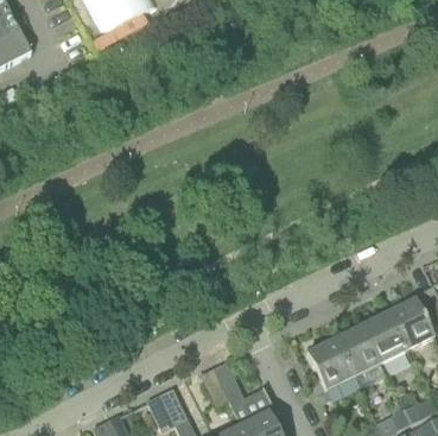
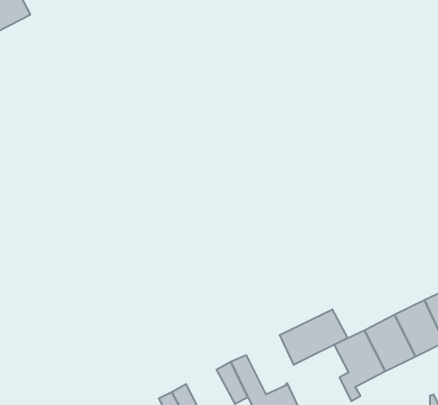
building: none -> [280,309,347,365]

